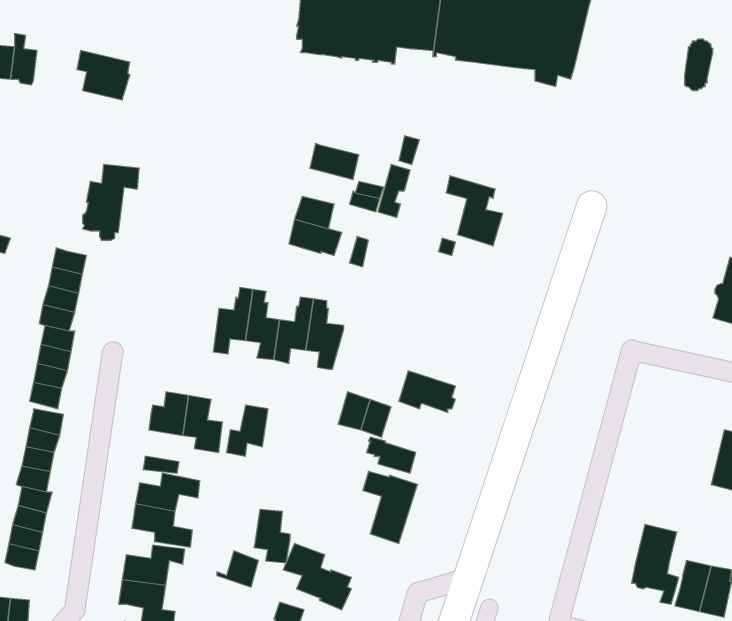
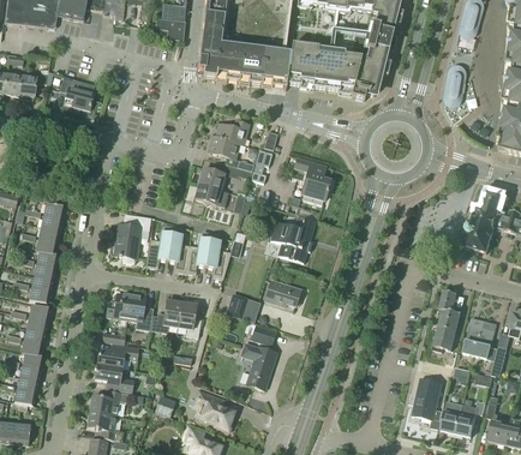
building: none -> [215,120,248,144]
building: [83,164,139,240] -> [113,215,149,263]
building: none -> [271,215,316,263]
building: none -> [432,289,460,351]
building: [254,510,290,563] -> [178,304,200,337]

